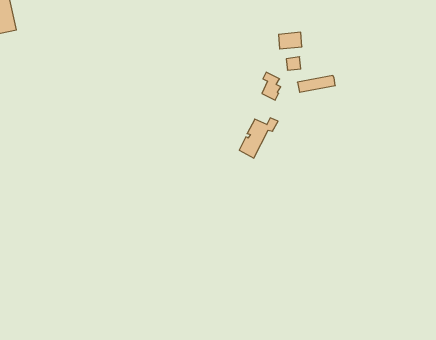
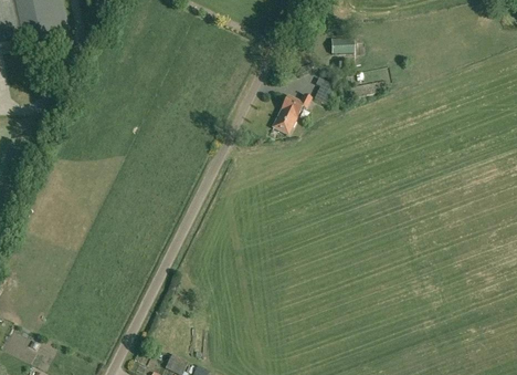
building: [239,118,278,158] -> [272,94,310,134]

